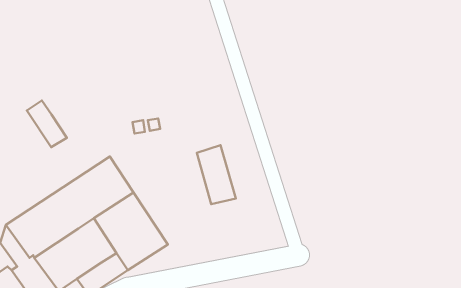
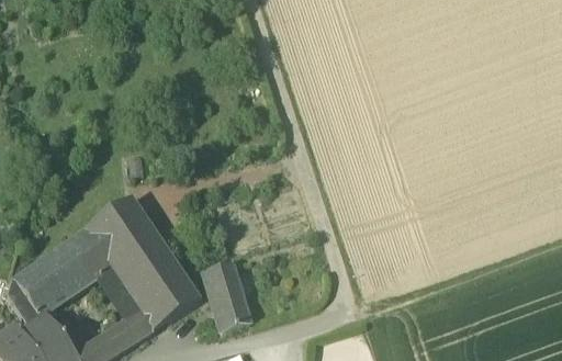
building: [27,101,67,147] -> none
building: [197,145,236,204] -> [205,261,250,329]
building: none -> [97,268,140,319]

